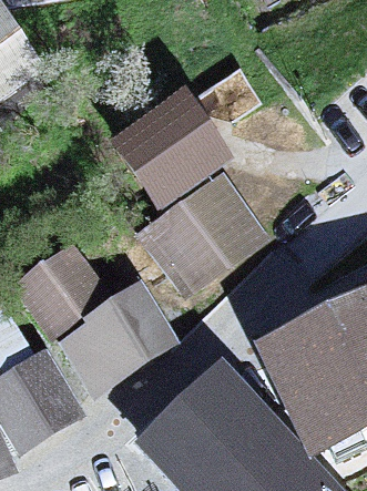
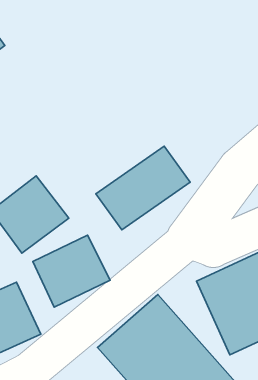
building: [125,105,228,200] -> none

